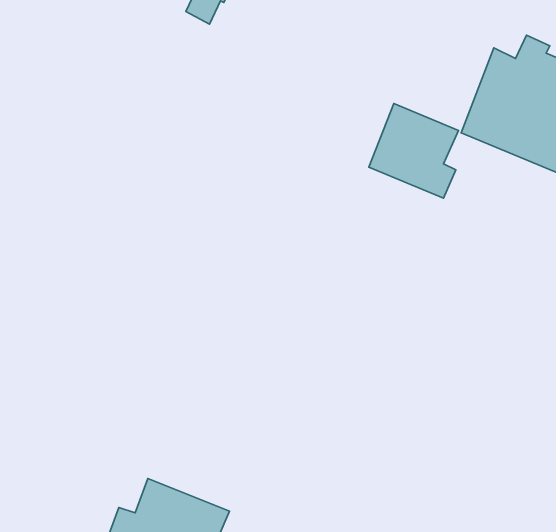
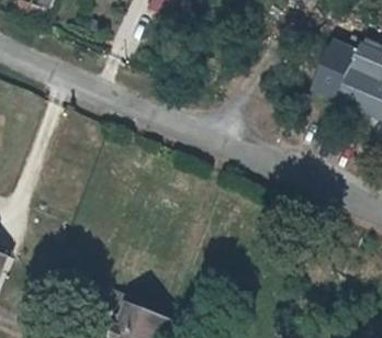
building: [369,104,458,198] -> none

